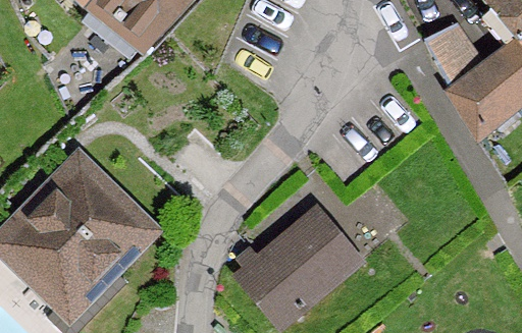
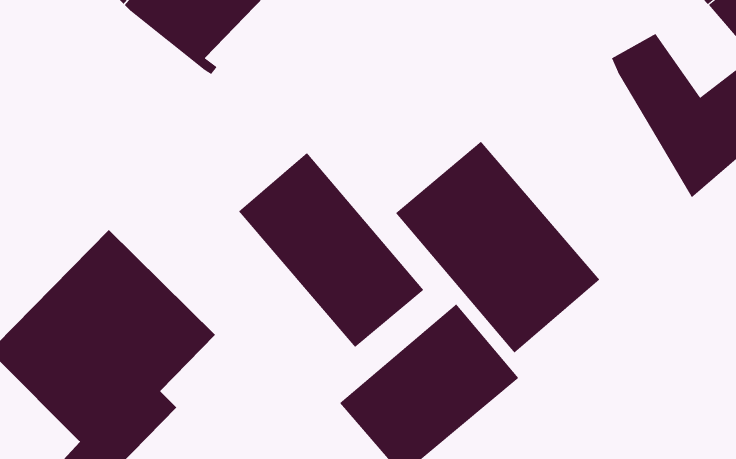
building: none -> [395,141,600,353]
building: none -> [238,152,424,348]

